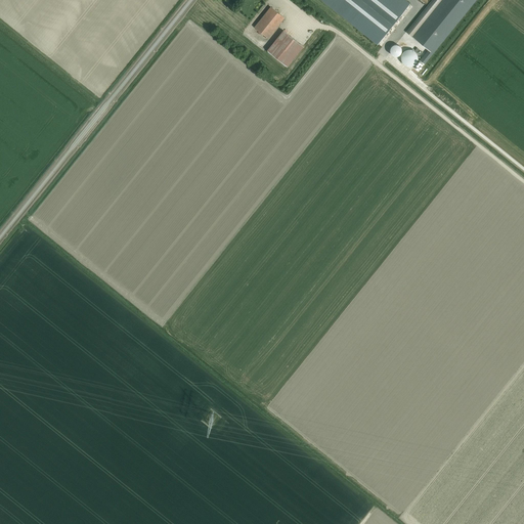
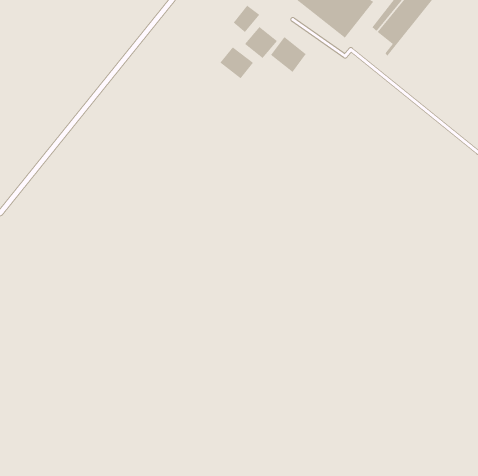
building: none -> [270,36,307,73]
building: none -> [220,46,254,79]

